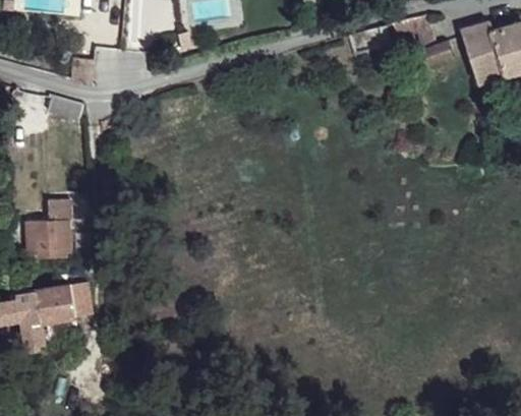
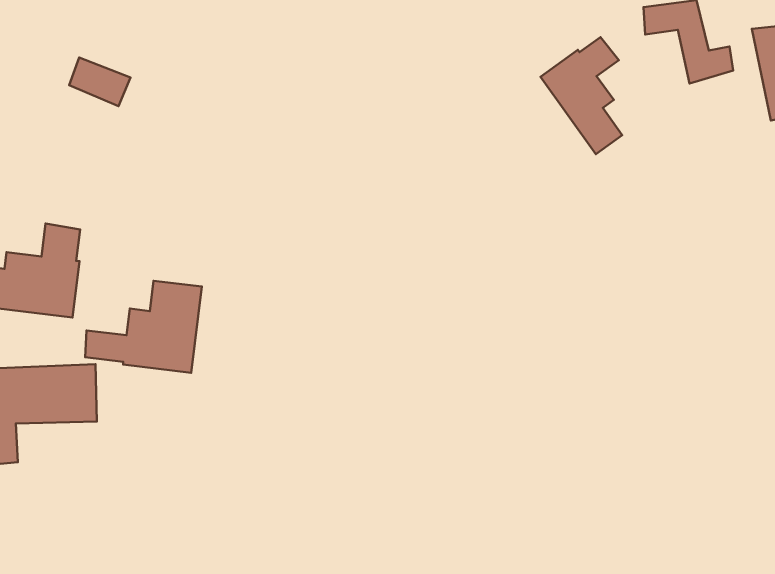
building: none -> [540,37,622,154]
building: none -> [85,281,202,373]

